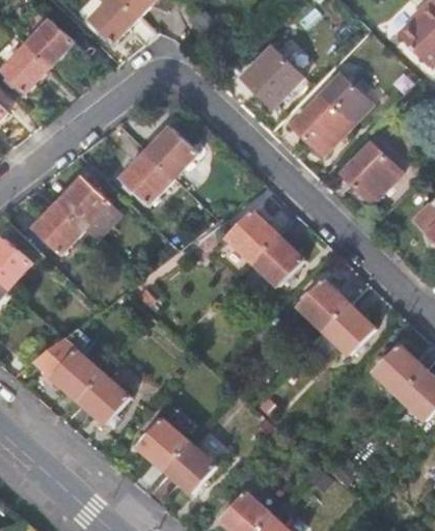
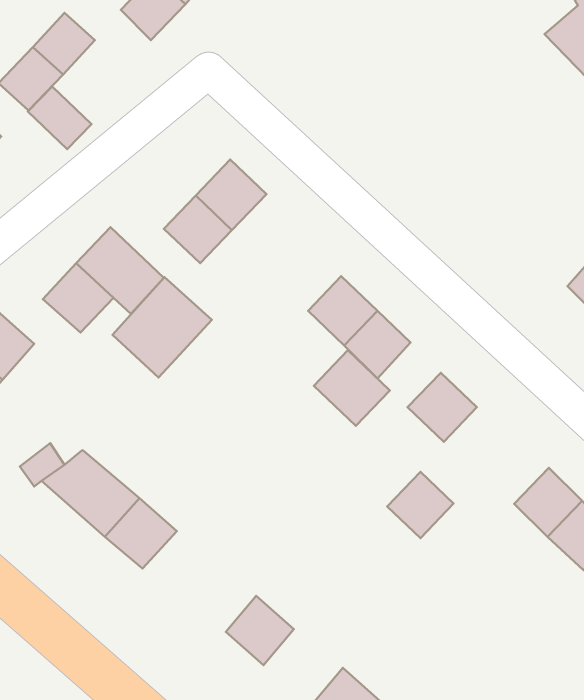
building: [240,47,297,105] -> none
building: none -> [28,86,91,149]
building: [292,78,368,153] -> none
building: [339,143,397,201] -> none
building: none -> [113,277,212,377]
building: none -> [314,350,390,426]
building: [323,305,371,353] -> [387,472,454,538]
building: [141,419,188,467] -> none

